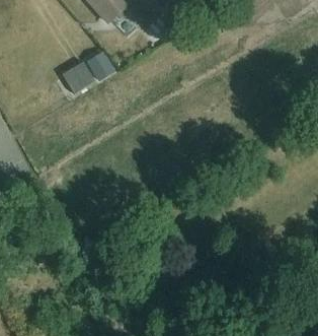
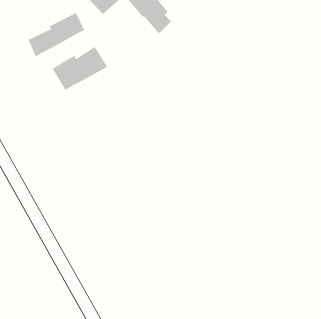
building: none -> [28,12,85,57]

